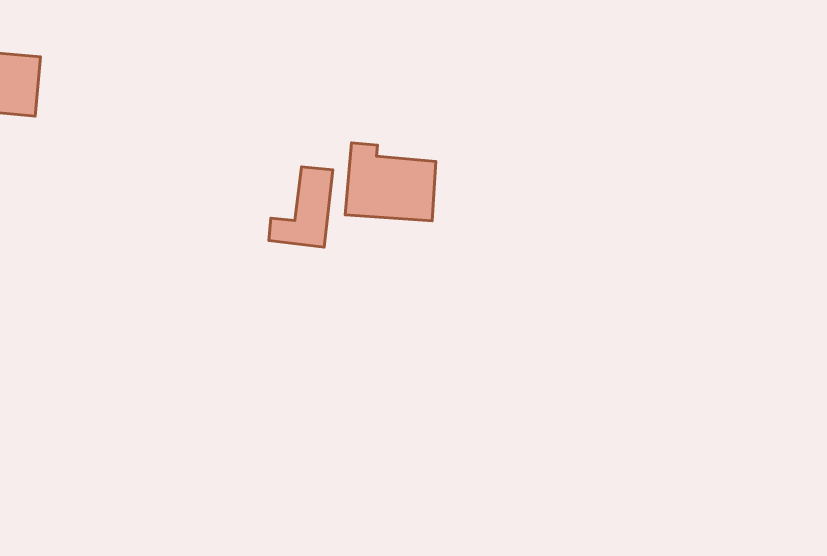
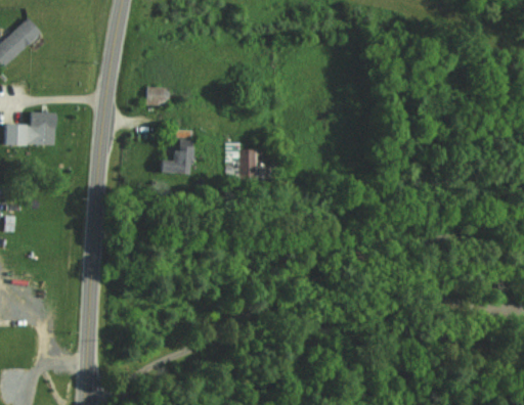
building: none -> [144,87,169,107]
building: [269,167,333,247] -> [158,130,189,173]

